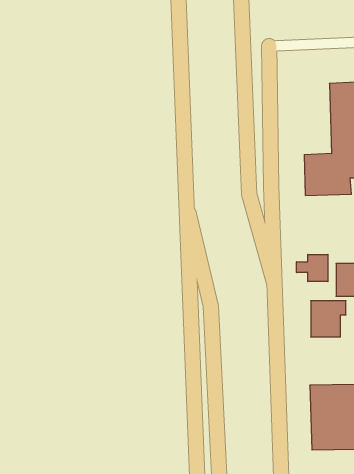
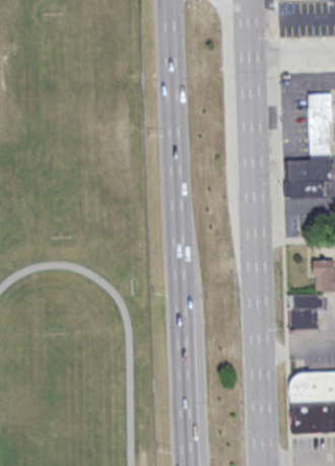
building: [297,254,328,282] -> none

